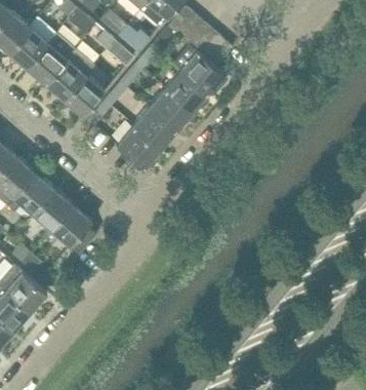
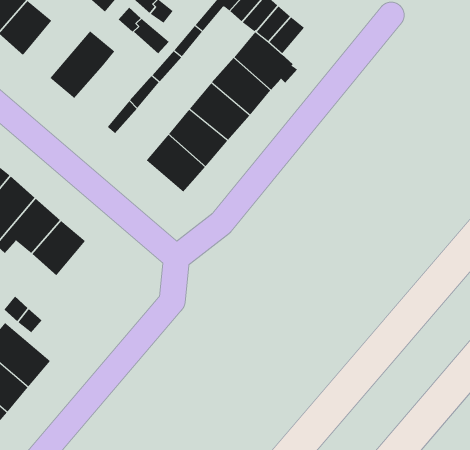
building: [25,33,74,84] -> none
building: [63,75,104,116] -> none
building: [43,204,95,255] -> none

